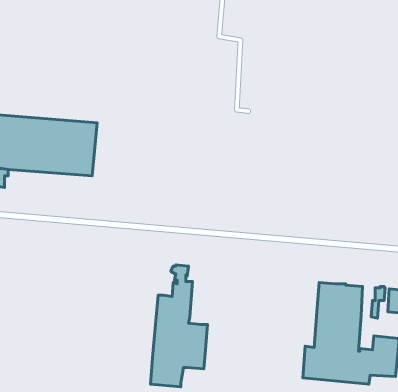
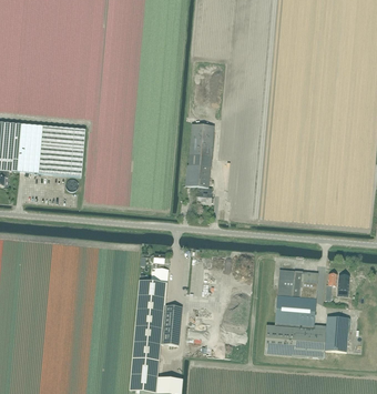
building: none -> [186,123,214,202]

